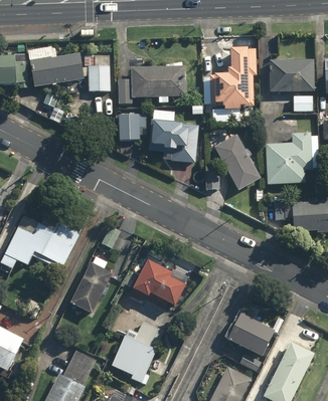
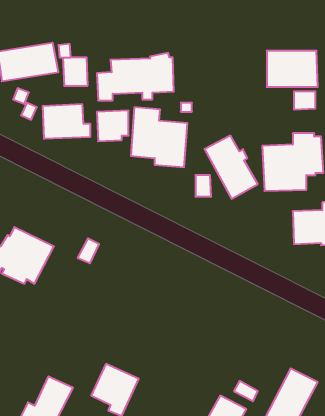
building: [210,48,258,111] -> none
building: none -> [43,104,90,139]
building: [130,260,186,310] -> none
building: [70,262,113,315] -> none
building: [225,314,275,357] -> none

